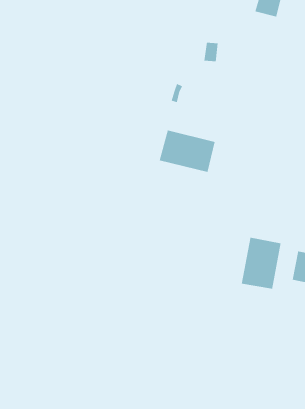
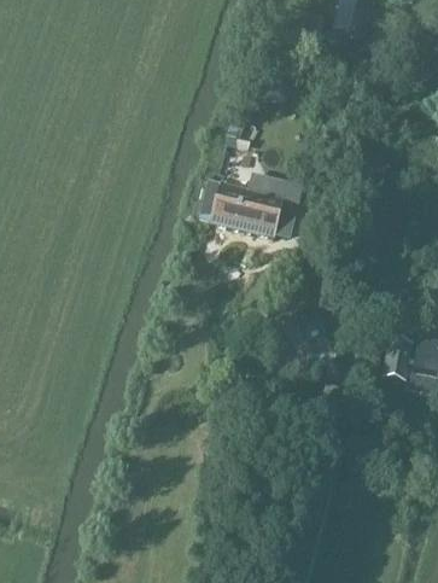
building: [241,237,281,290] -> none

